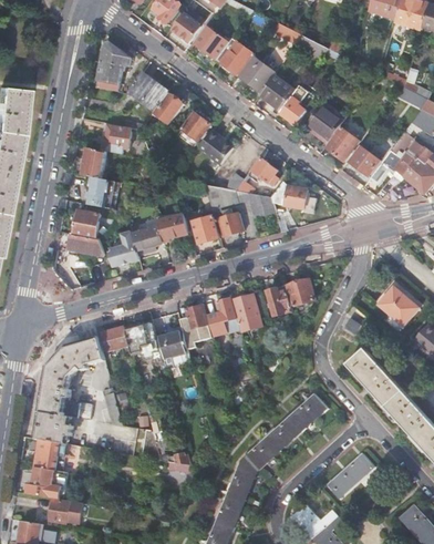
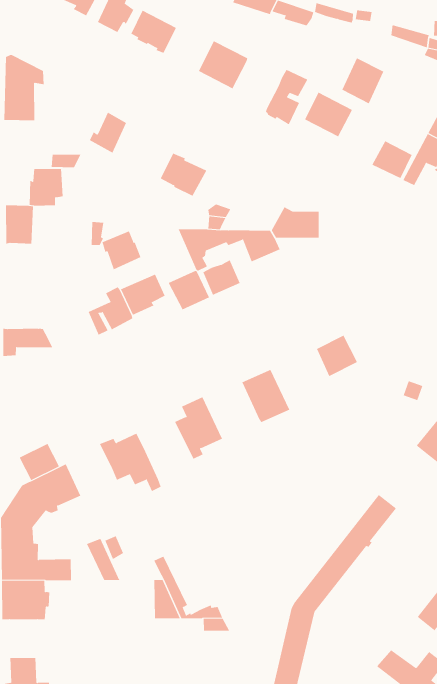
building: [217,39,255,75] -> none
building: [128,73,168,111] -> none
building: [260,75,297,111] -> none
building: [178,109,214,147] -> none
building: [327,127,359,162] -> [342,57,384,104]
building: [248,157,278,186] -> none
building: [81,175,106,207] -> none
building: none -> [102,231,141,270]
building: [74,211,101,238] -> none
building: [110,232,141,267] -> none
building: [268,286,293,317] -> none
building: [208,298,240,337] -> none
building: [103,327,131,351] -> [19,443,60,481]
building: [157,331,189,359] -> none
building: [37,440,61,470] -> none

